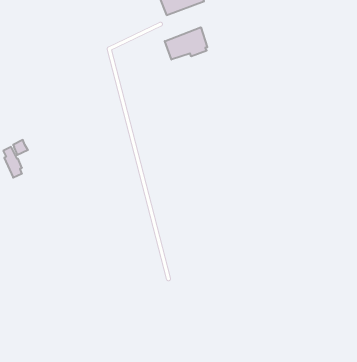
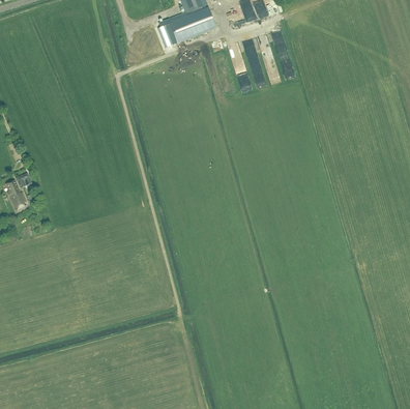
building: [165,27,207,60] -> none

